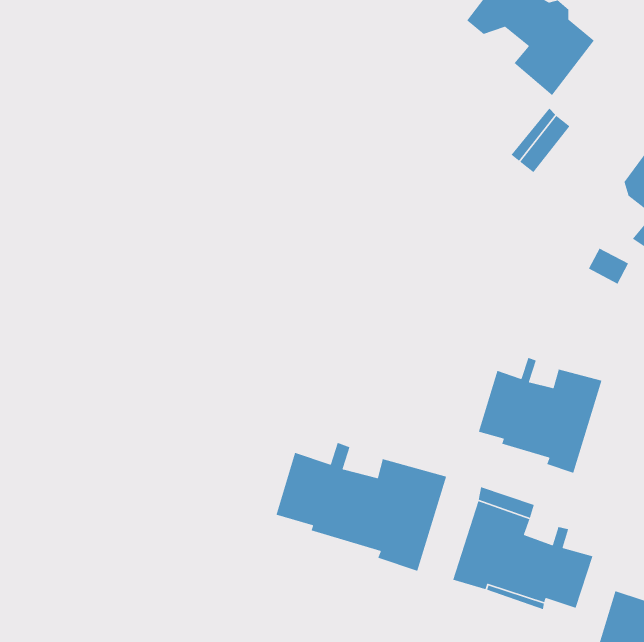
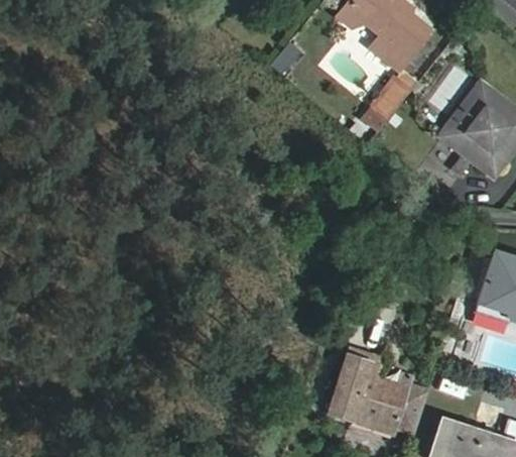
building: [478,357,602,474] -> none
building: [276,442,447,572] -> none

